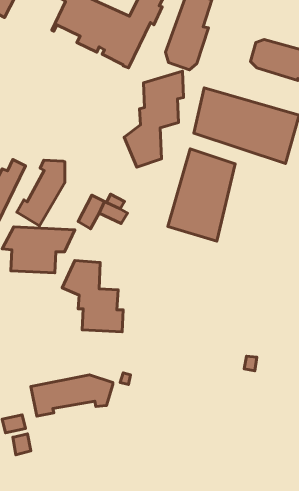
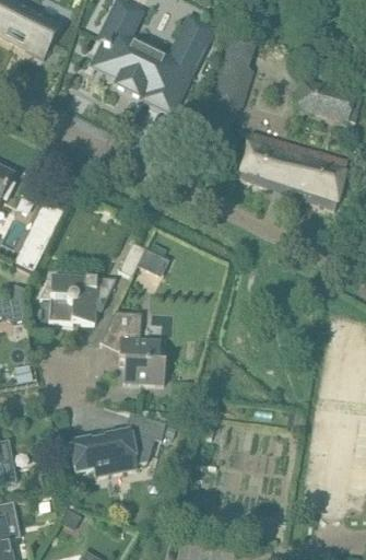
building: [124,71,184,167] -> none
building: [168,149,235,241] -> none
building: [17,160,65,226] -> none

